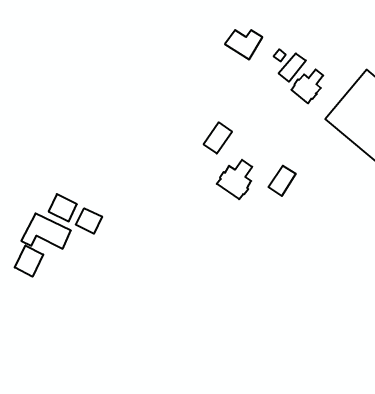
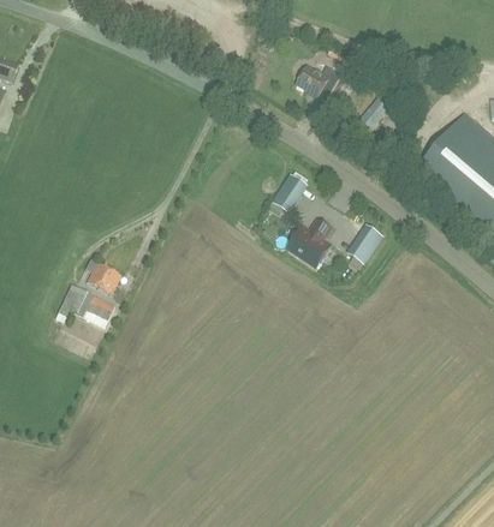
building: [291,69,323,103] -> none
building: [76,208,102,234] -> none
building: [15,245,43,277] -> none

